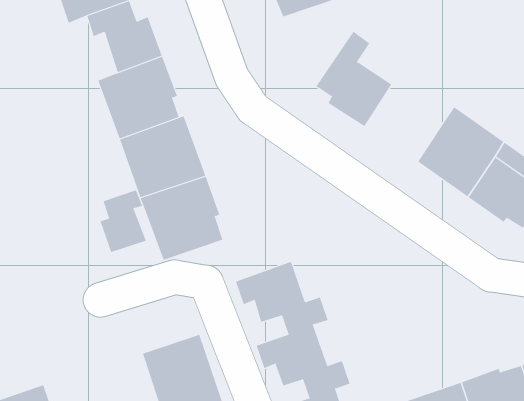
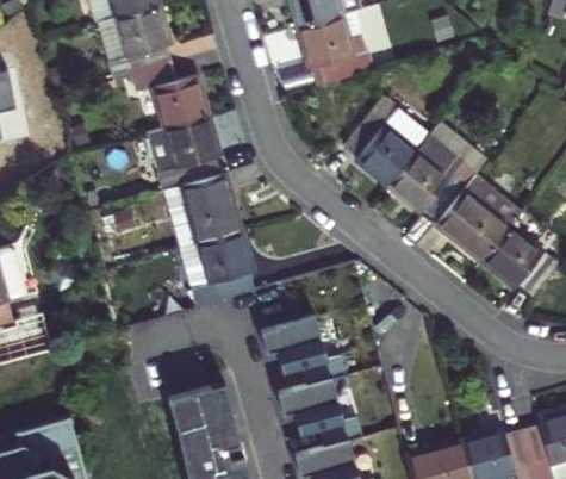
building: none -> [393,139,468,226]
building: [100,189,147,253] -> none

